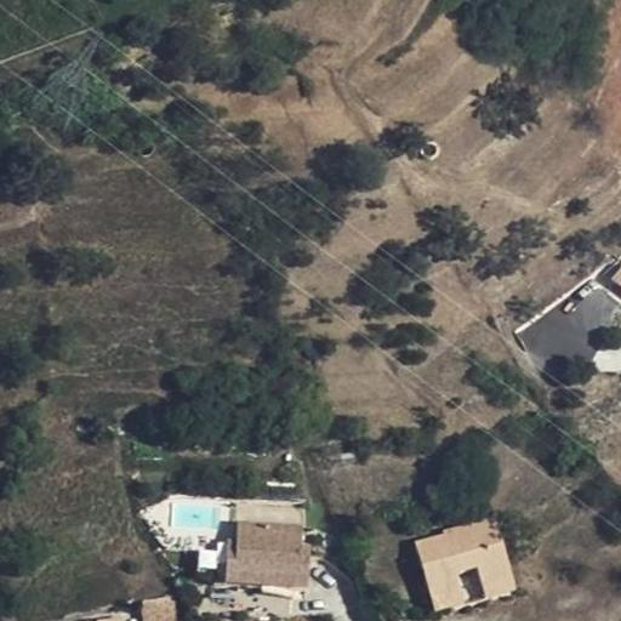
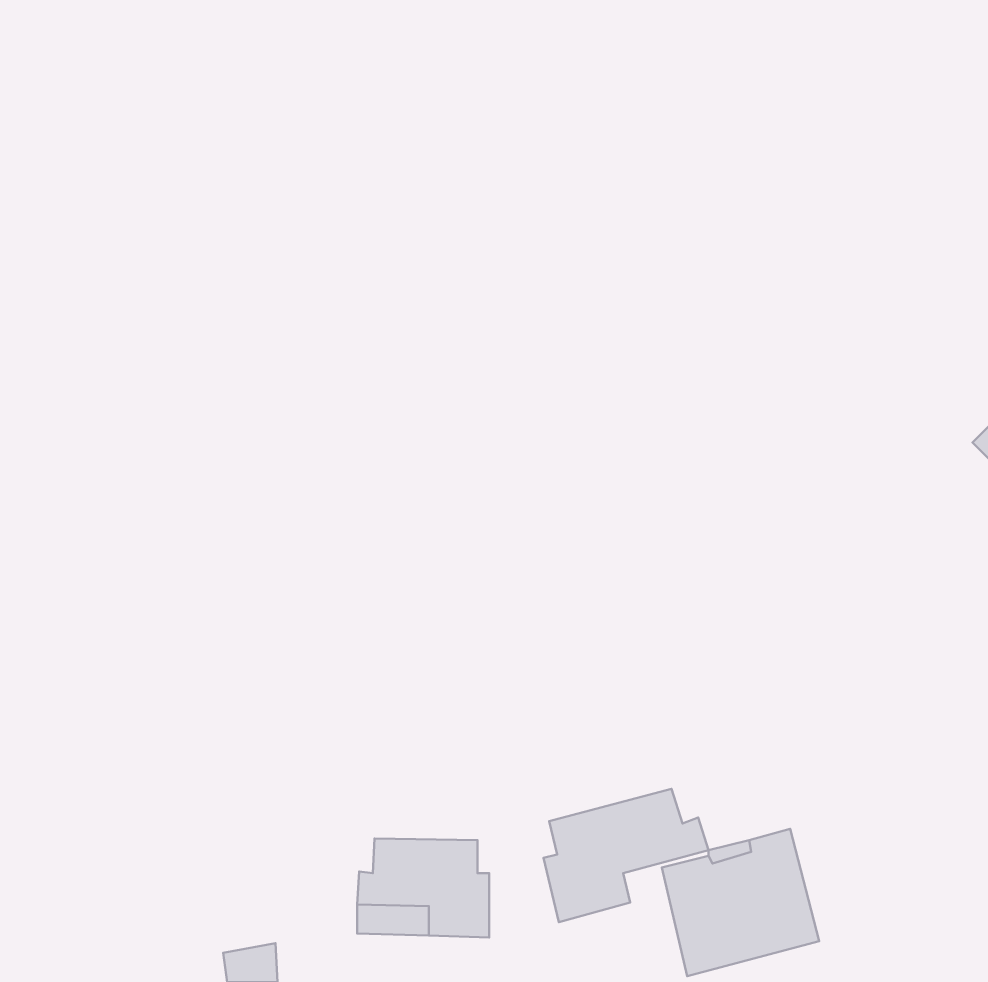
building: none -> [543,789,708,922]

